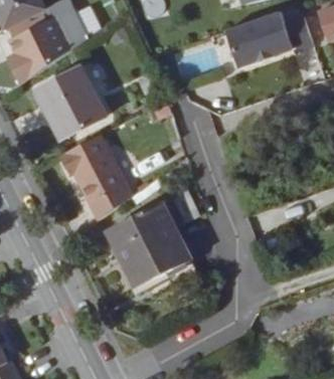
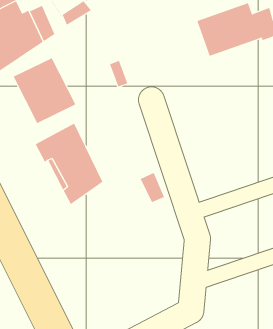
building: [109,200,198,285] -> none

